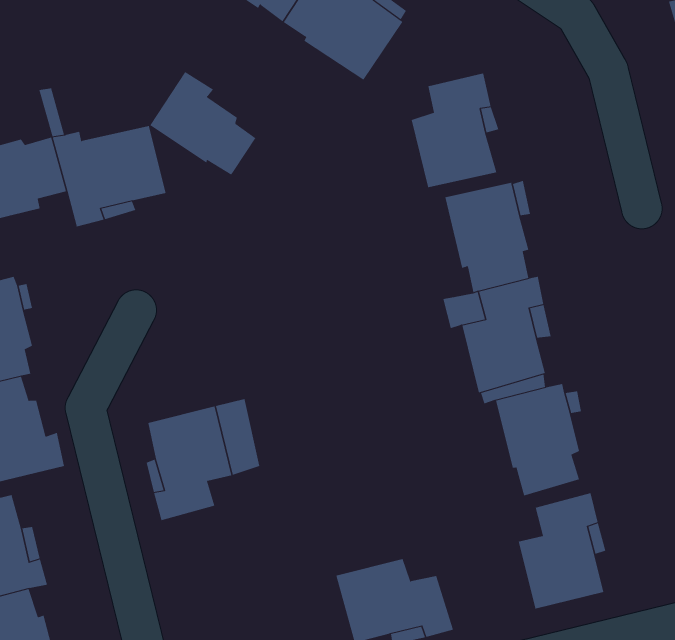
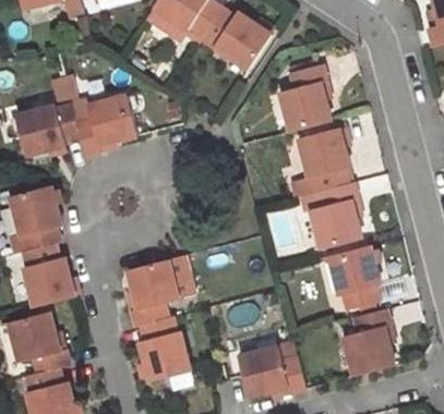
building: [149,71,256,175] -> none
building: none -> [137,317,189,383]

